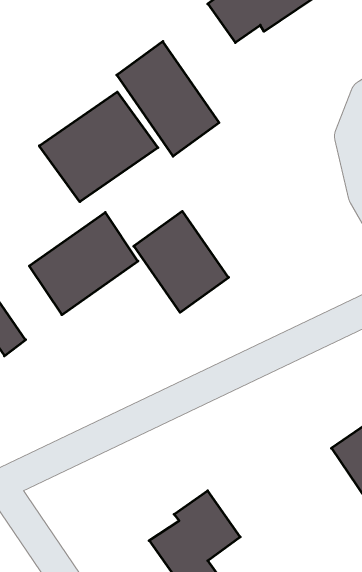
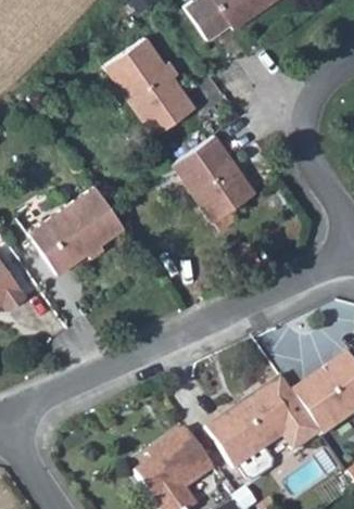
building: [39,92,158,202] -> none
building: [134,211,229,312] -> [174,135,256,222]
building: none -> [206,384,296,469]

